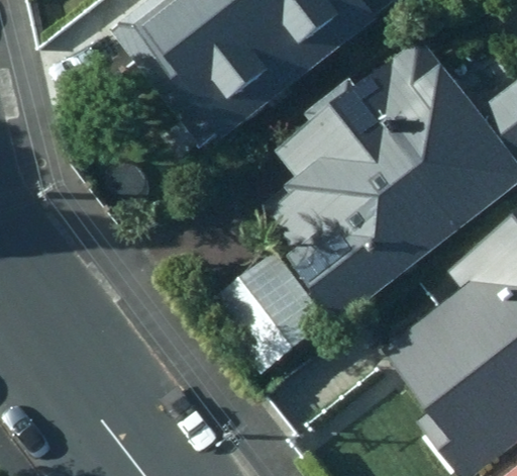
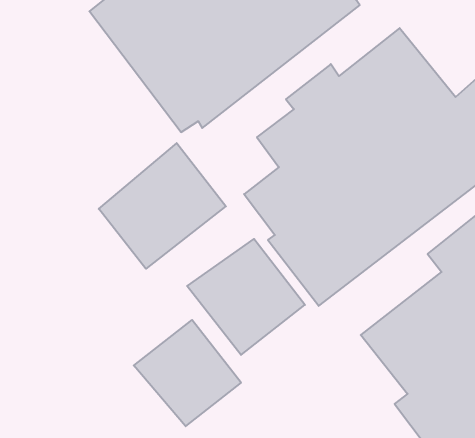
building: none -> [99,143,226,269]
building: none -> [134,320,241,426]

